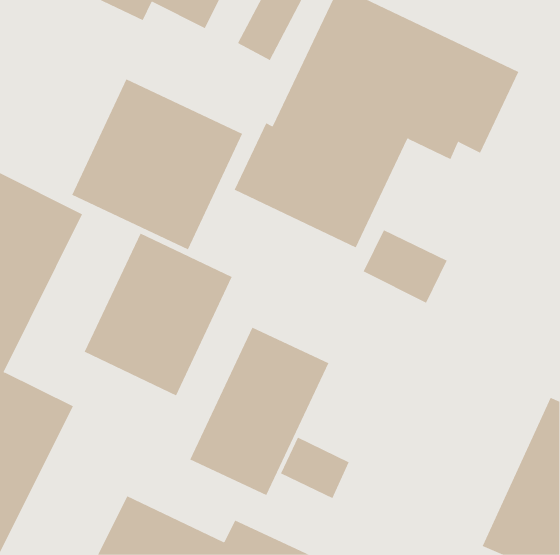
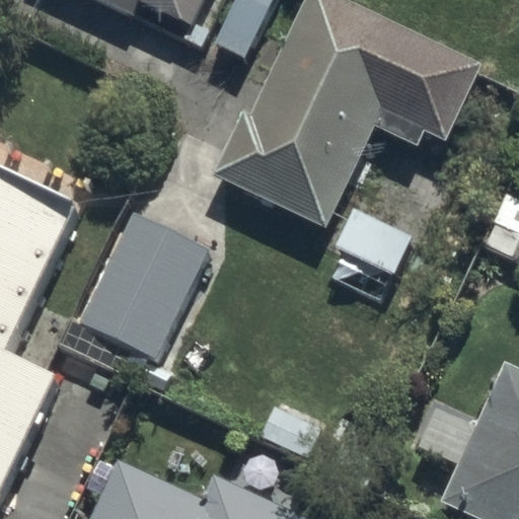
building: [72,78,243,250] -> none
building: [189,327,329,496] -> none

